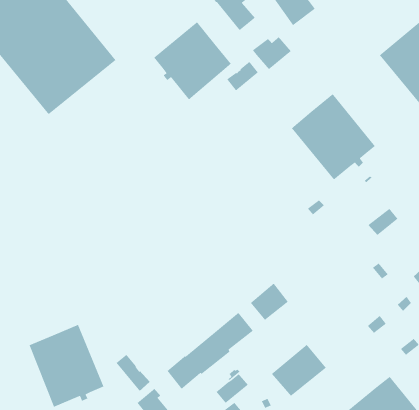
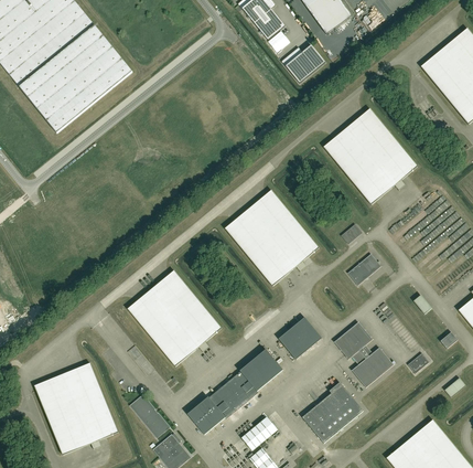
building: [153,21,232,100] -> none
building: [226,61,259,92] -> none
building: none -> [224,190,318,286]
building: [367,208,399,236] -> [346,254,380,285]
building: none -> [127,270,221,366]
building: none -> [333,321,393,387]

